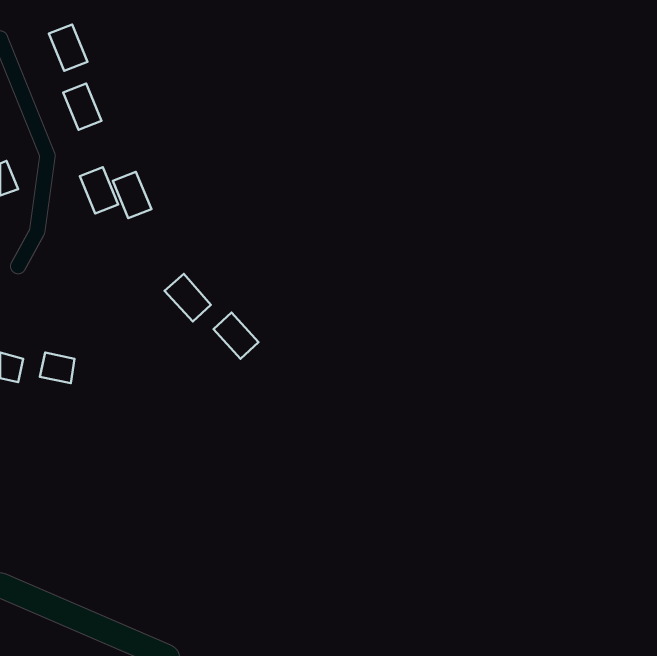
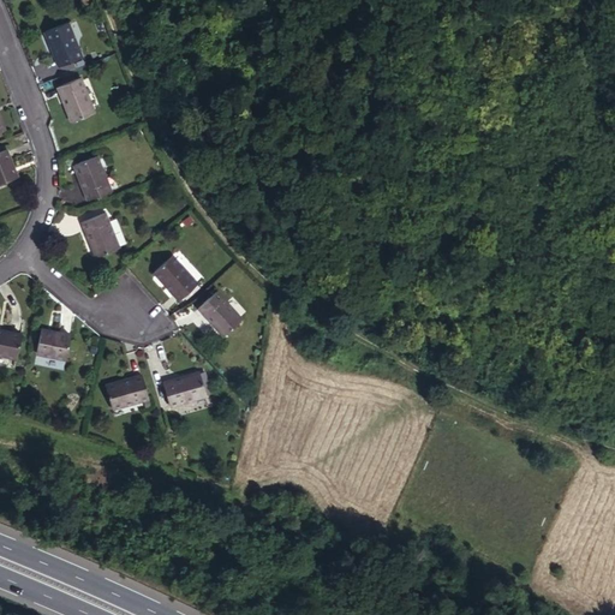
building: [113,172,151,218] -> [83,214,119,257]
building: none -> [163,374,205,406]
building: none -> [106,377,148,410]

